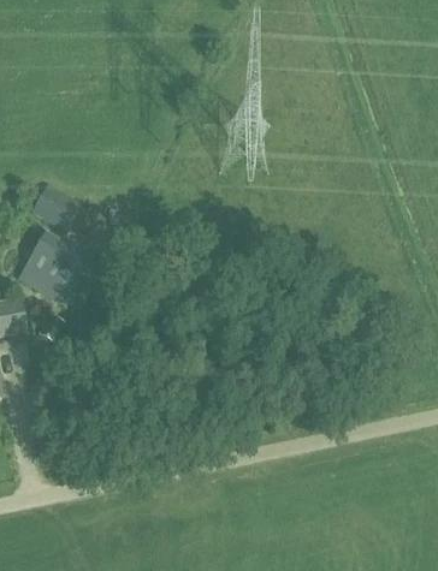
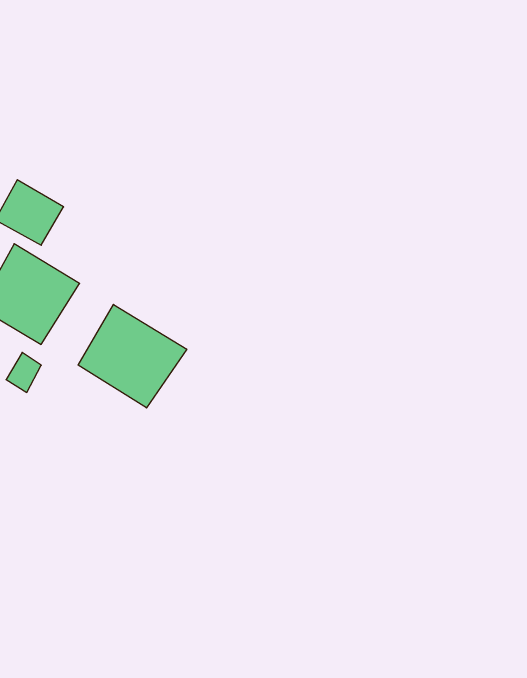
building: none -> [78,304,187,408]

